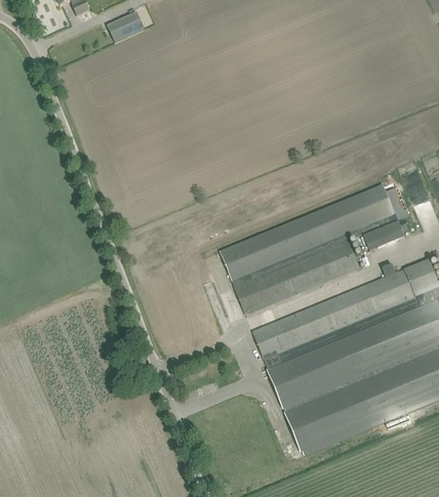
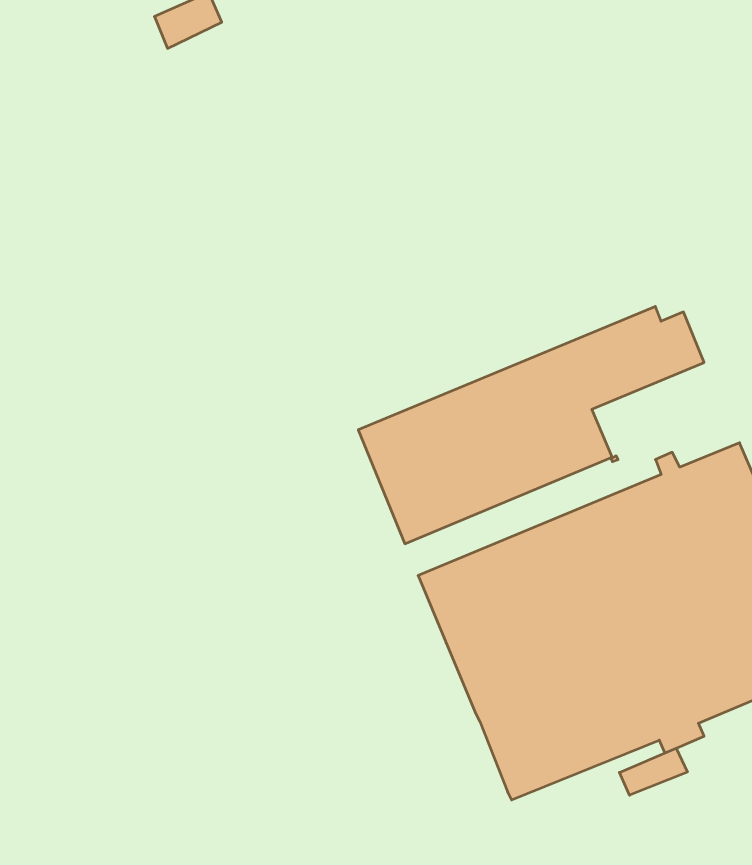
building: [363,219,404,249] -> none
building: none -> [619,748,687,795]

